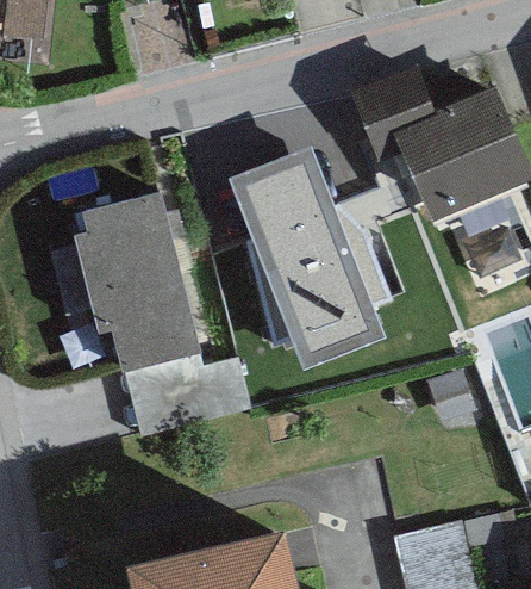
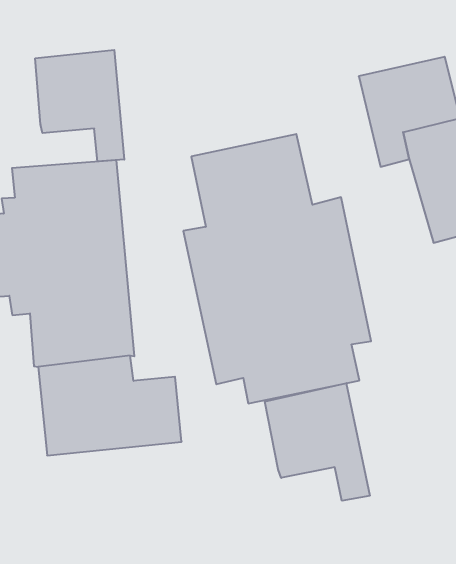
building: none -> [35,50,124,161]
building: none -> [265,383,370,501]

